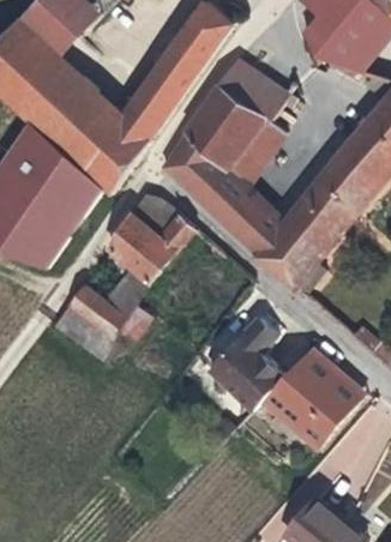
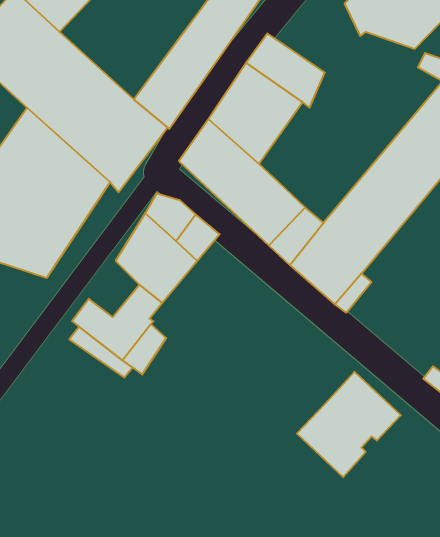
building: [229,115,284,183] -> none
building: [210,315,285,408] -> none
building: [301,383,365,448] -> none

